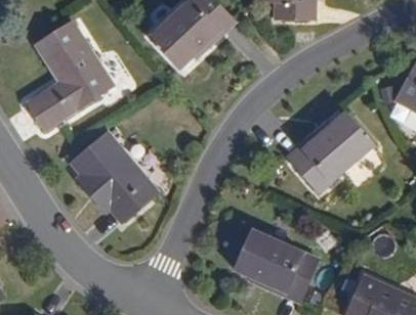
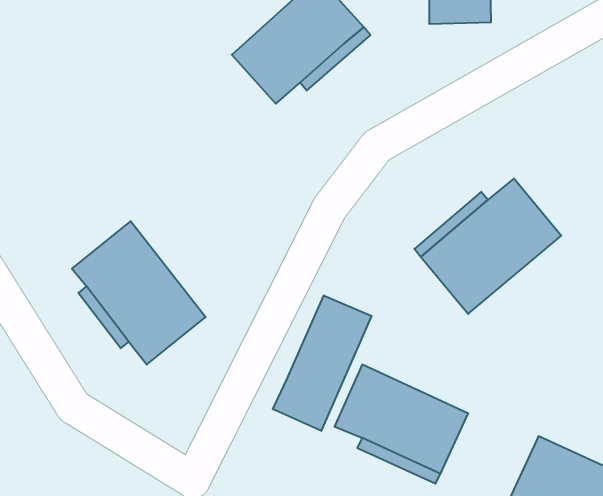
building: [41,17,125,124] -> none
building: none -> [273,295,372,431]

